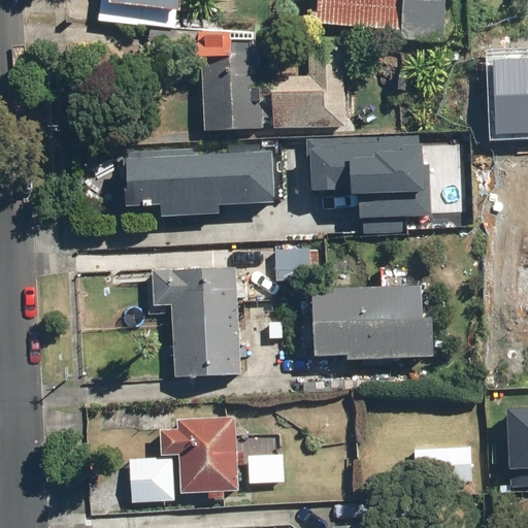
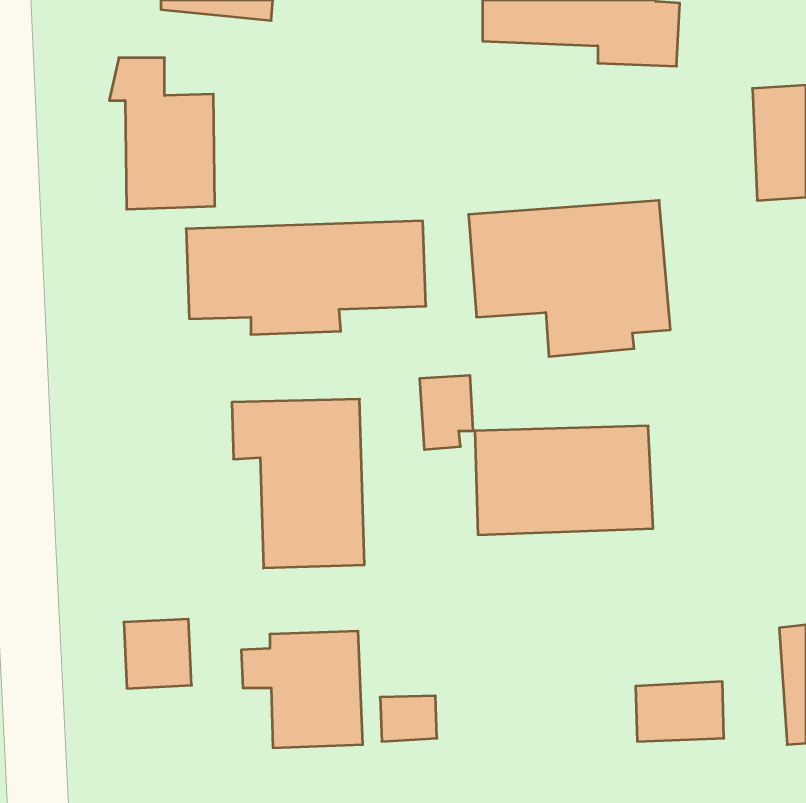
building: [193,34,262,133] -> [109,58,215,209]
building: [271,47,345,130] -> none
building: [128,455,172,500] -> [124,619,192,688]

